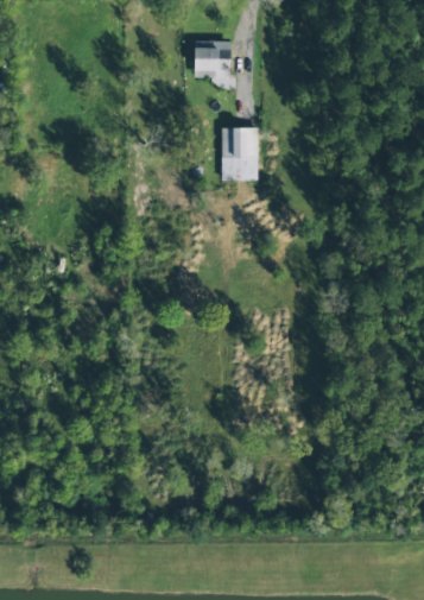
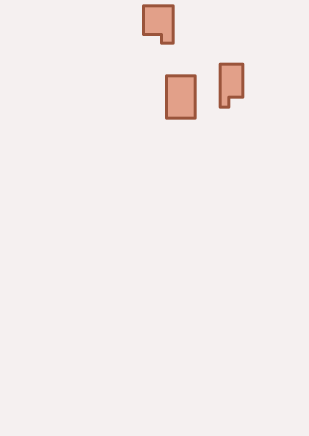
building: none -> [220,64,243,107]

